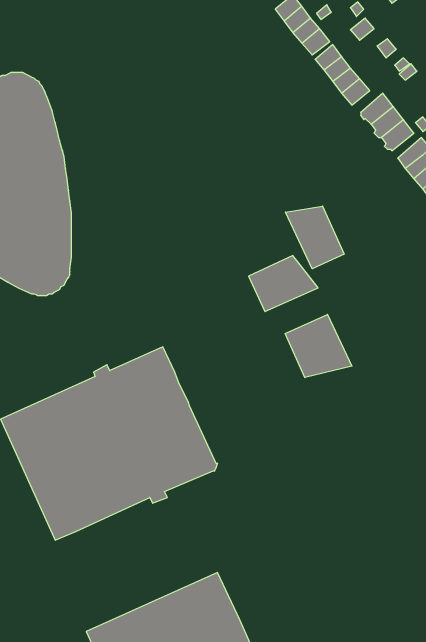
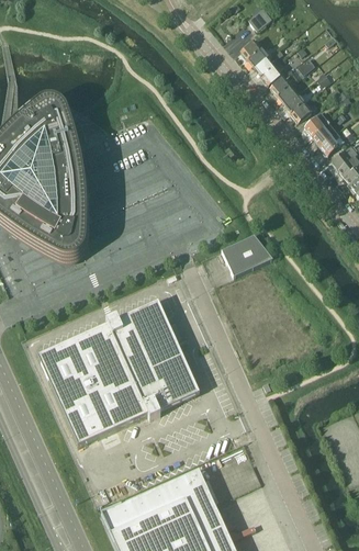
building: [286,206,344,269] -> none
building: [285,314,352,378] -> none

